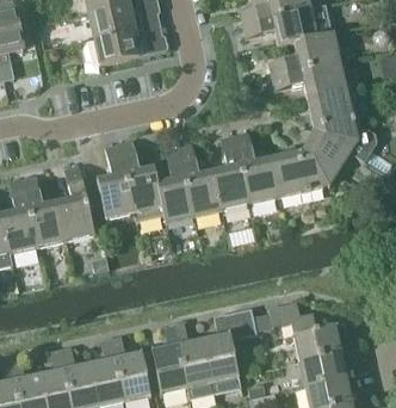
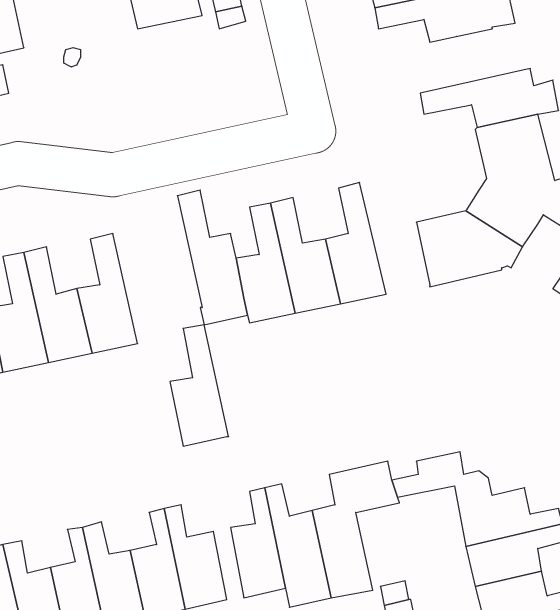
building: [83,27,140,62] -> none
building: [268,31,341,76] -> none
building: [234,130,278,203] -> none
building: [98,141,135,217] -> [170,325,229,446]

